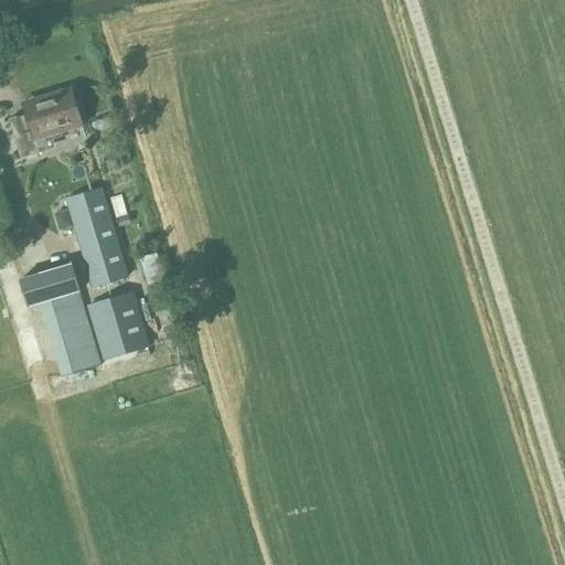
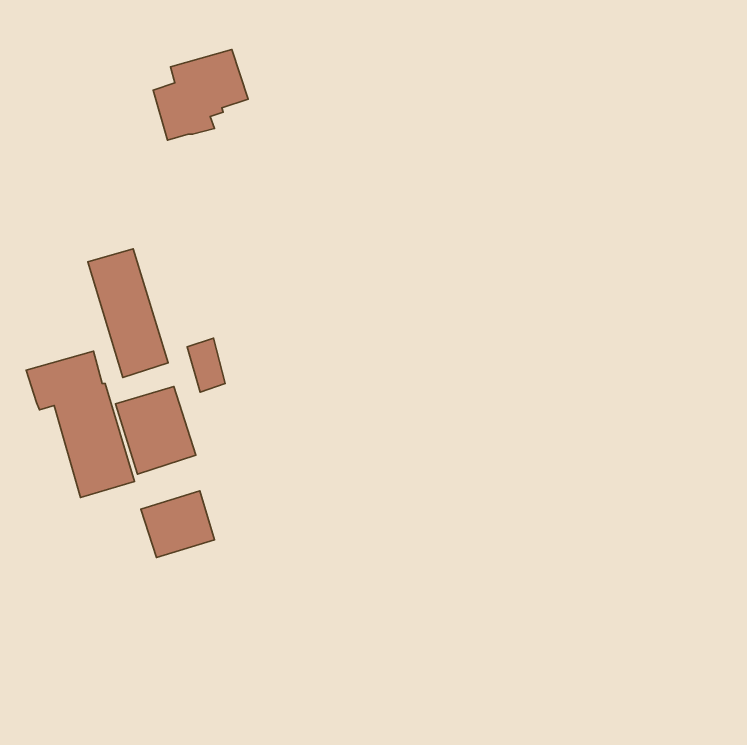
building: [10,87,82,156] -> [153,49,248,140]
building: none -> [141,491,214,558]

